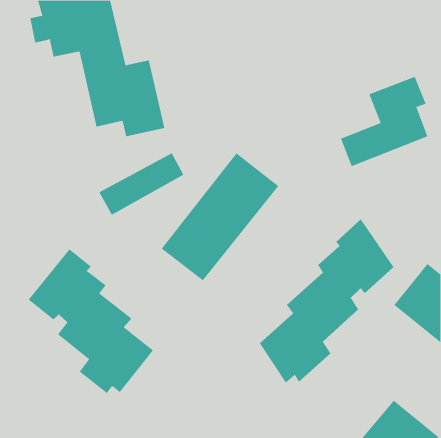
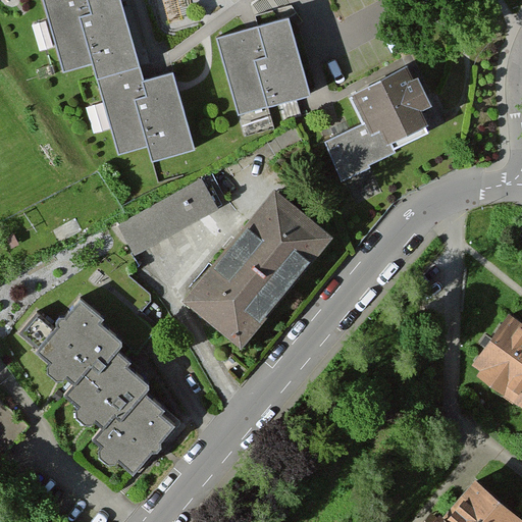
building: none -> [217,16,314,112]
building: [340,76,428,167] -> [325,68,429,175]
building: [259,219,394,384] -> none

